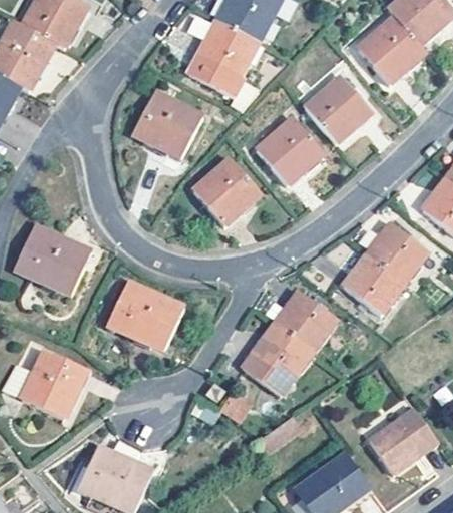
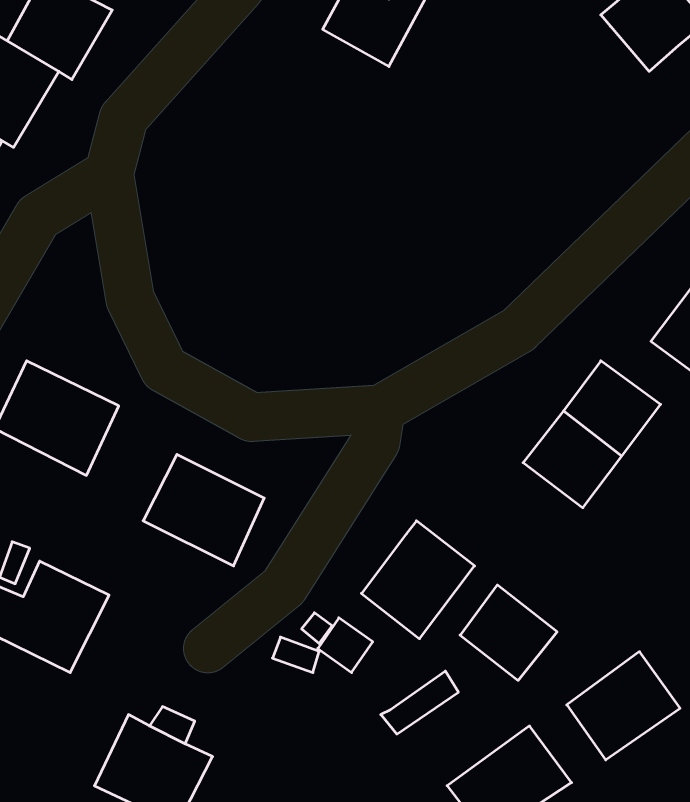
building: [187,10,260,108] -> none
building: [358,17,427,84] -> none
building: [305,78,372,143] -> none
building: [134,91,202,158] -> none
building: [257,120,324,186] -> none
building: [193,159,261,226] -> none
building: [276,293,336,352] -> [460,585,557,680]

